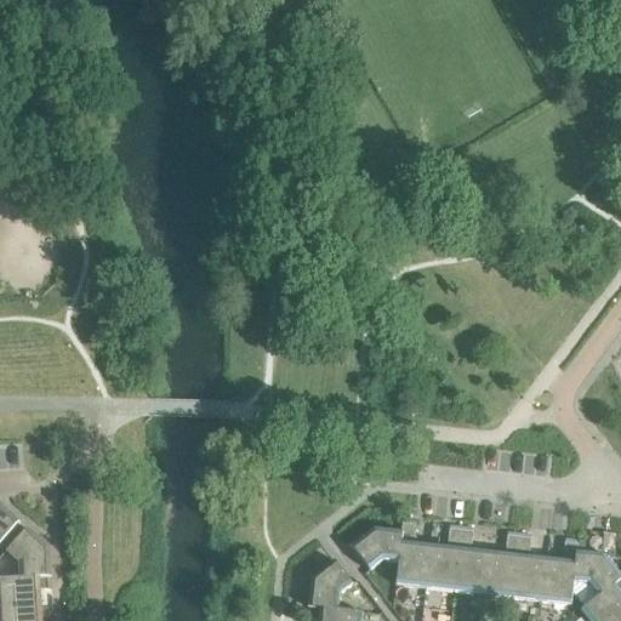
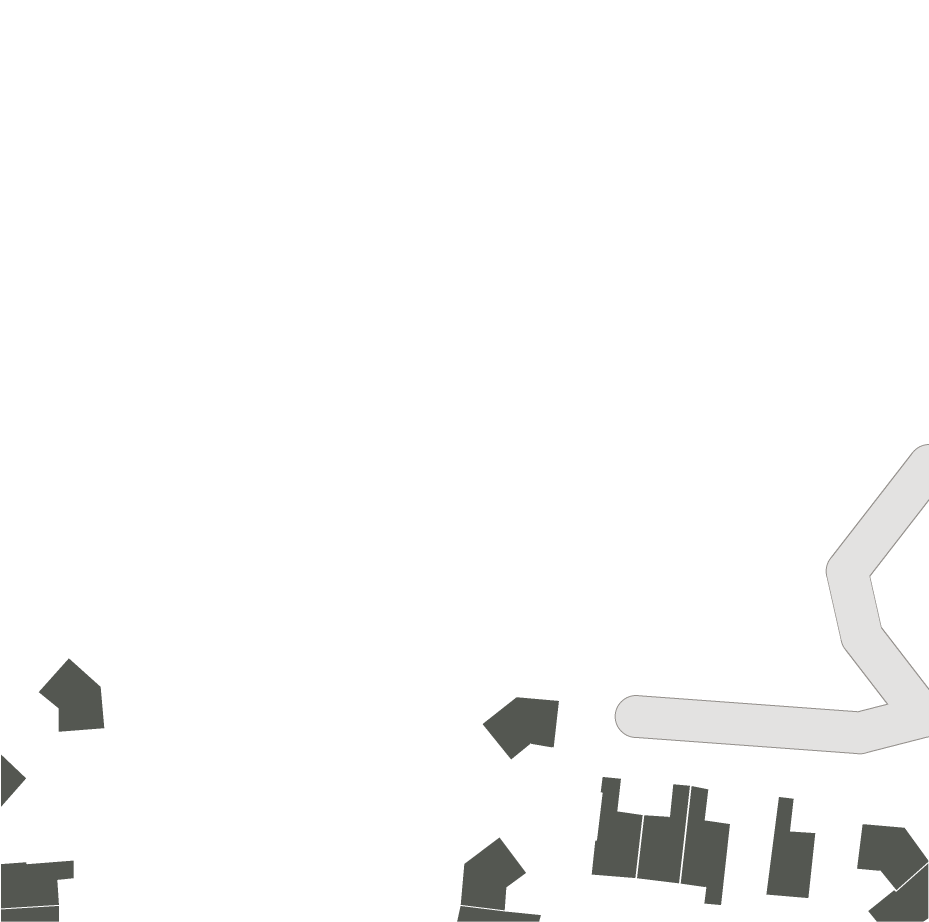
building: [5,526,50,576] -> [38,658,105,732]
building: [349,526,401,569] -> [482,697,560,760]
building: [482,530,519,606] -> none
building: [540,536,577,603] -> none

